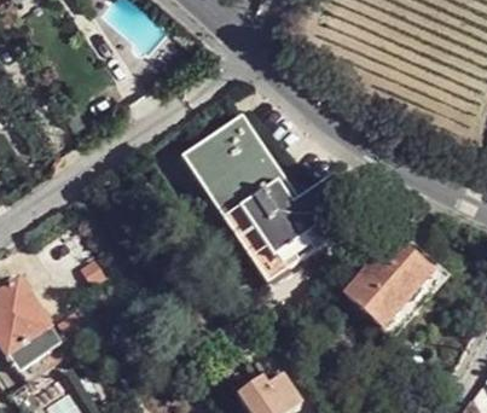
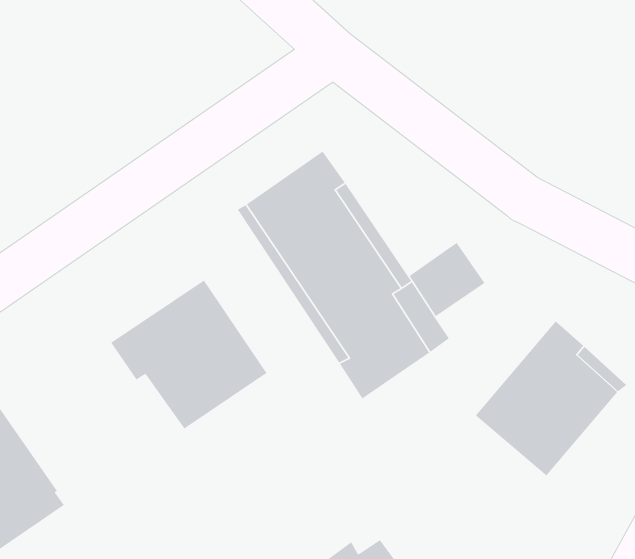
building: none -> [110,279,267,430]

